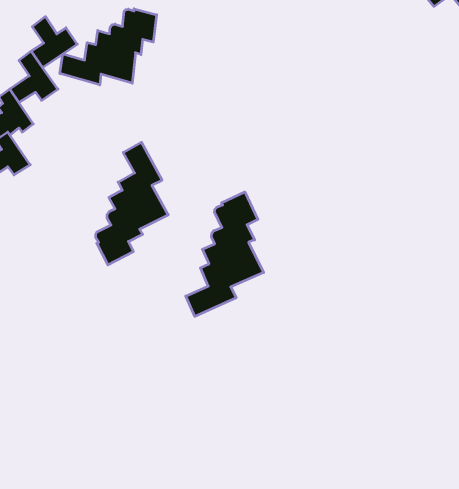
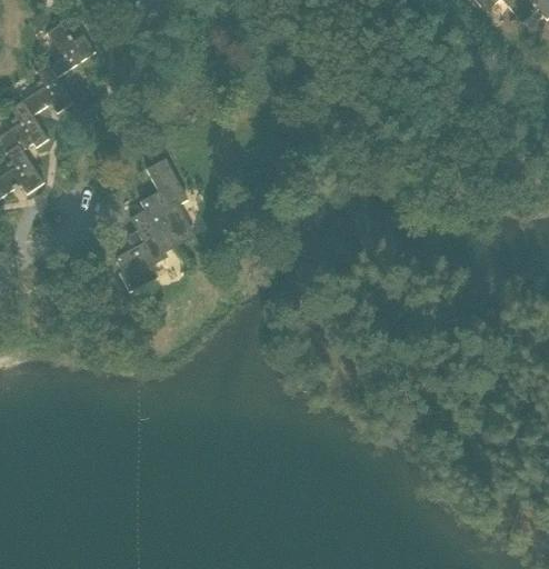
building: [60,9,157,85] -> none
building: [186,192,264,316] -> none

